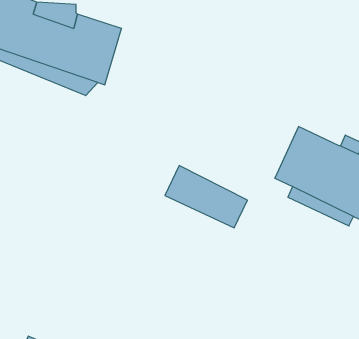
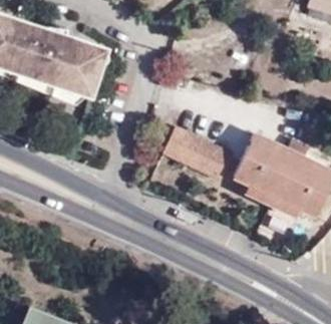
building: [165,166,247,228] -> [163,126,233,179]

